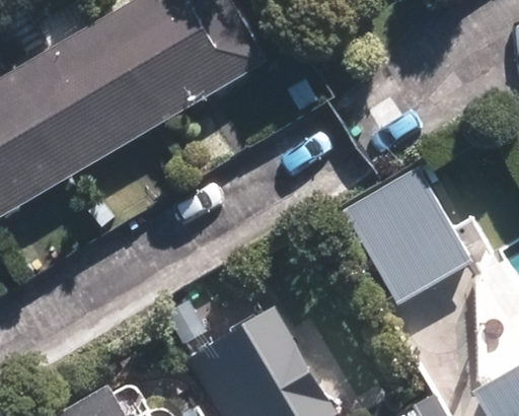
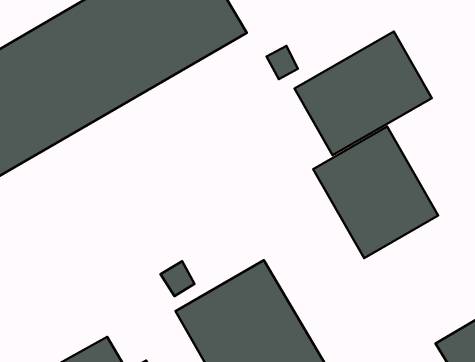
building: none -> [295,32,432,155]

